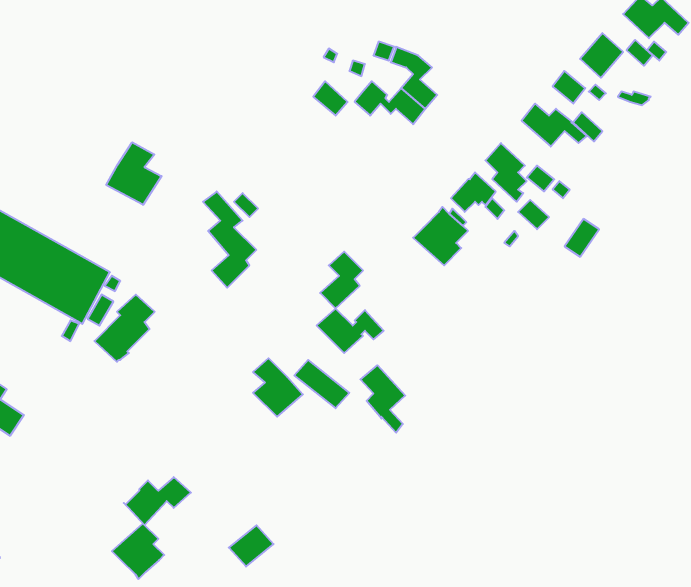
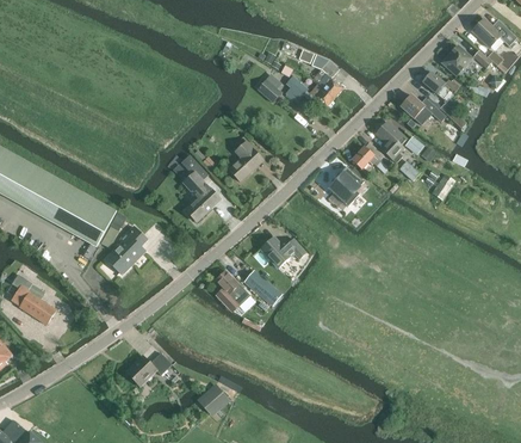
building: [106,142,162,205] -> none
building: [320,252,363,308] -> [229,142,259,181]
building: [360,365,405,433] -> none
building: [112,524,164,579] -> none

